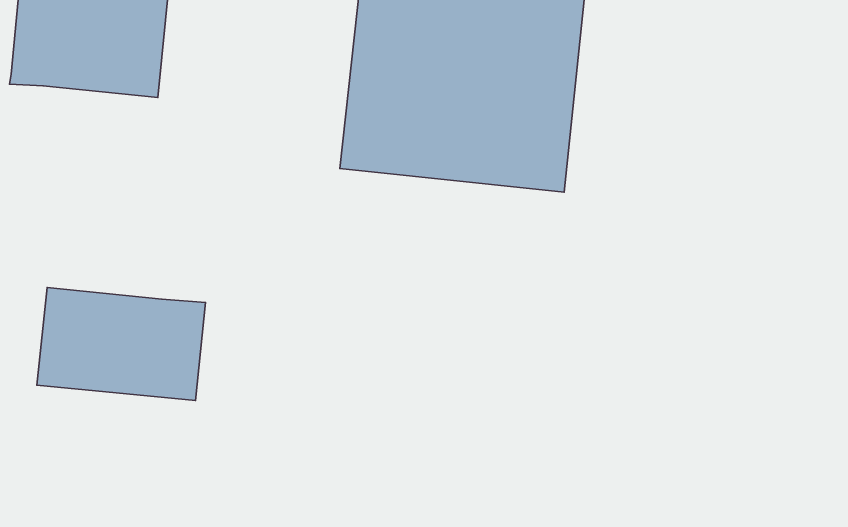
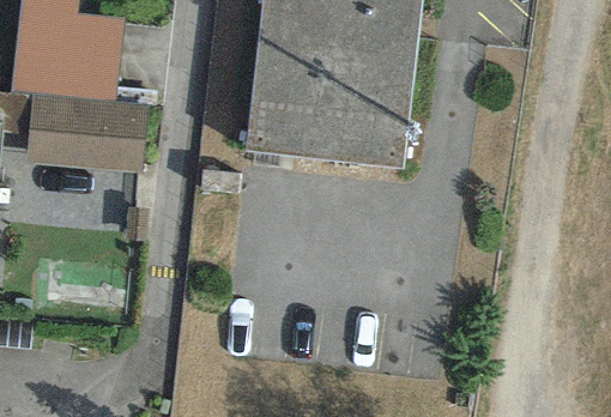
building: [37,287,206,400] -> [26,91,146,171]

